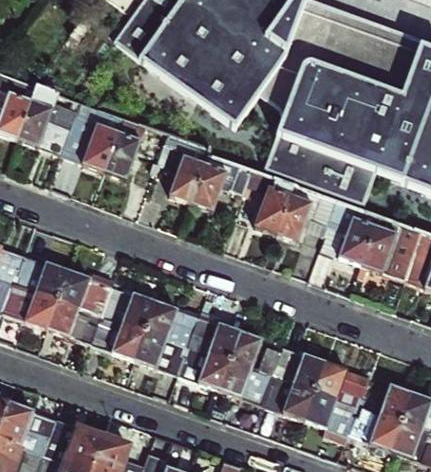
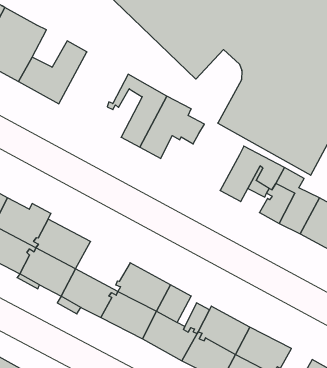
building: [105,116,147,179] -> none
building: [243,170,293,233] -> none
building: [145,302,200,347] -> none

